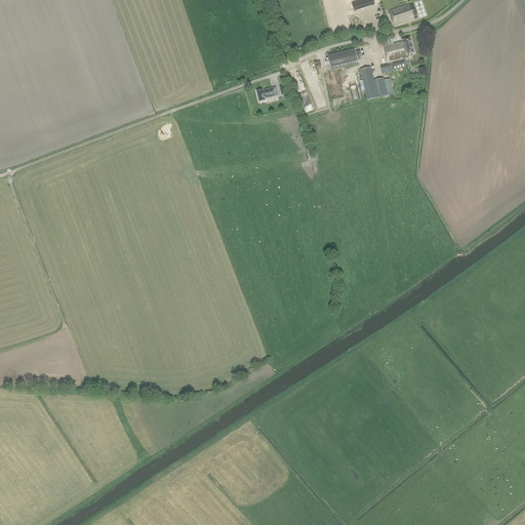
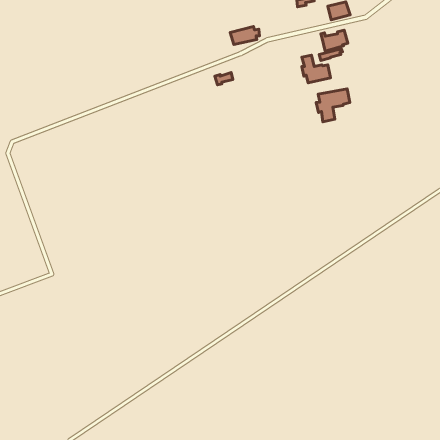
building: [326,47,361,69] -> [230,26,260,45]
building: none -> [316,89,350,122]

